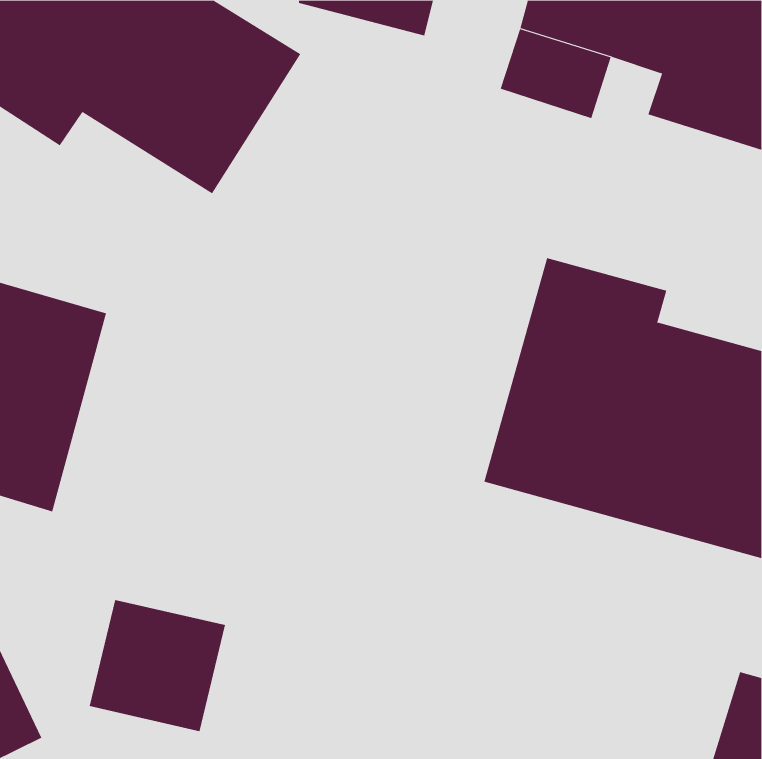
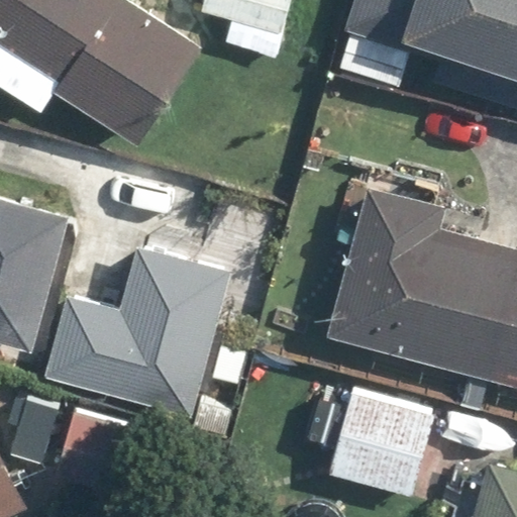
building: none -> [43,246,232,417]
building: none -> [329,390,431,499]

